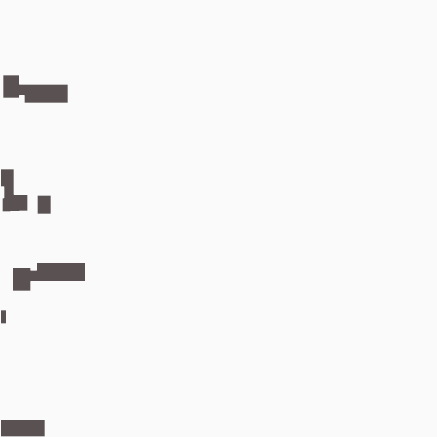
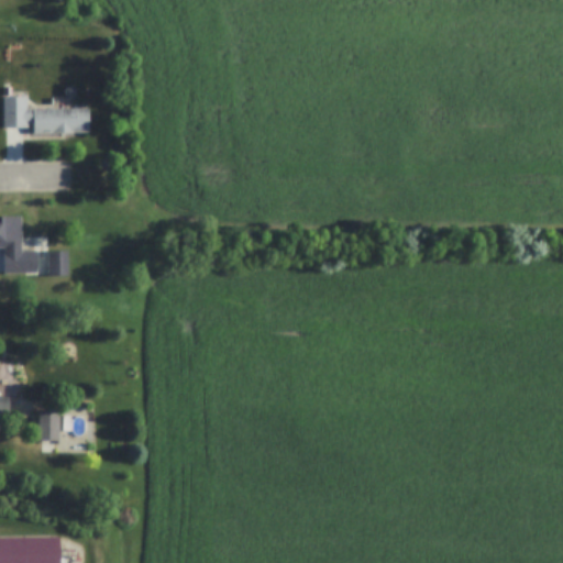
building: [12,262,86,291] -> none
building: none -> [40,410,68,440]

